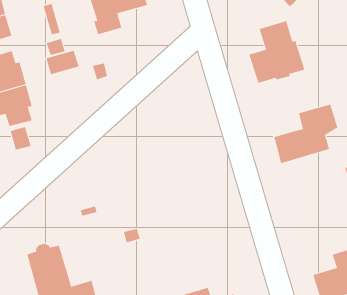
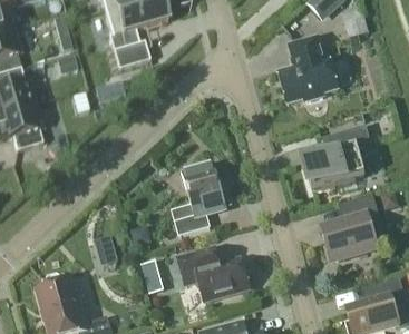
building: [45,50,79,75] -> [114,41,150,68]
building: none -> [172,165,226,235]
building: none -> [322,194,379,261]
building: none -> [177,248,250,301]

